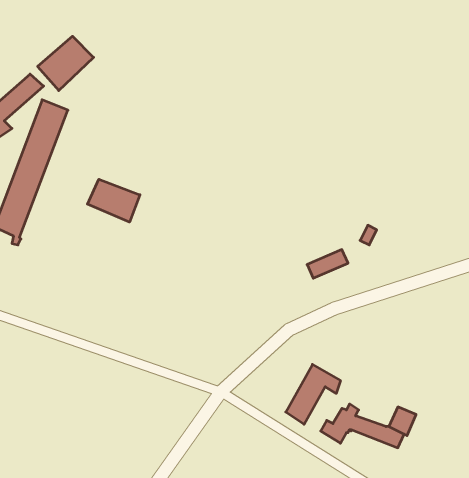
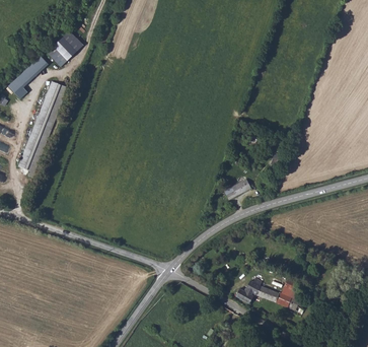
building: [87,179,140,222] -> none
building: [286,364,340,424] -> none

